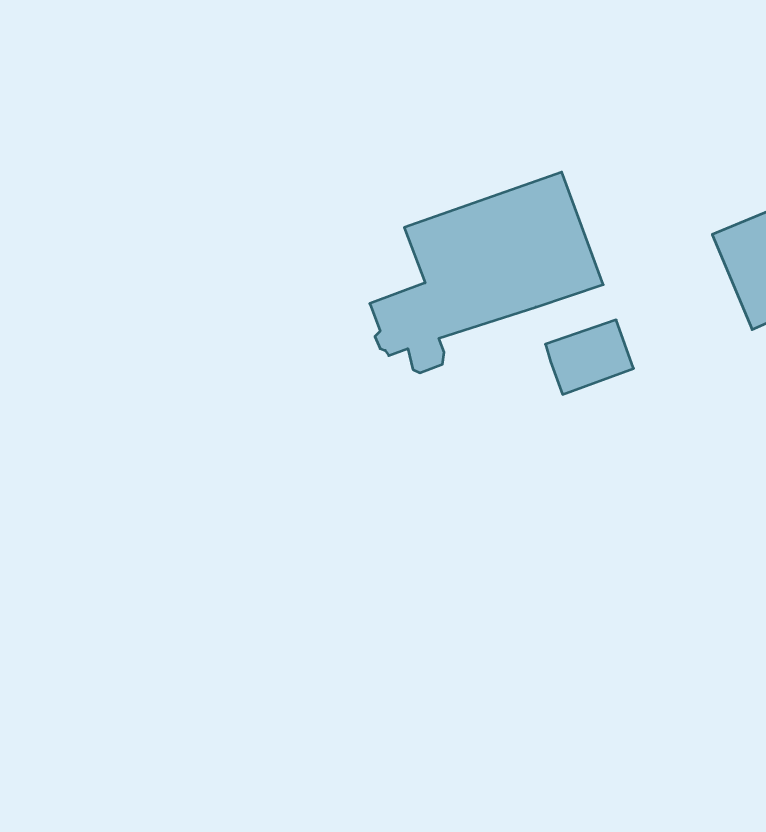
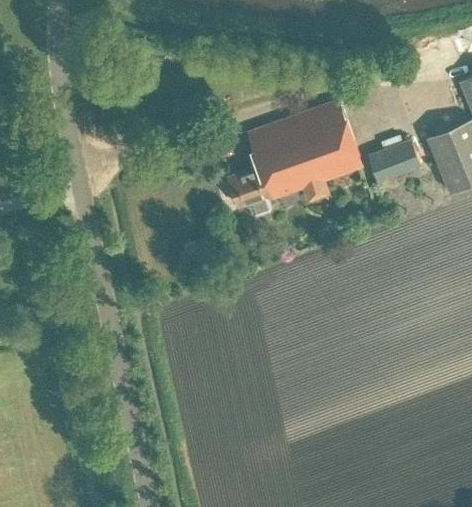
building: [545,320,634,394] -> [371,139,422,182]

